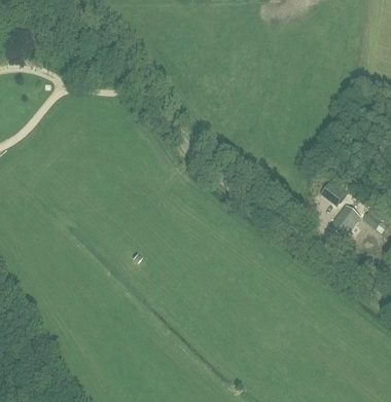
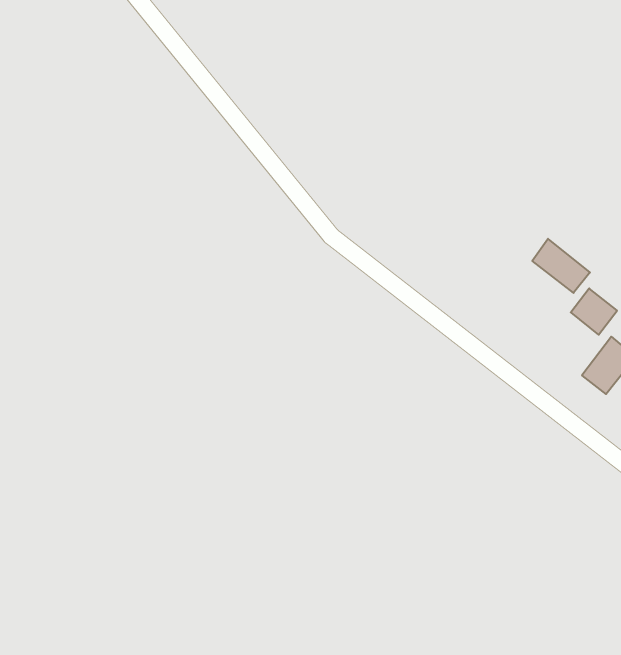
building: none -> [532,239,590,293]

